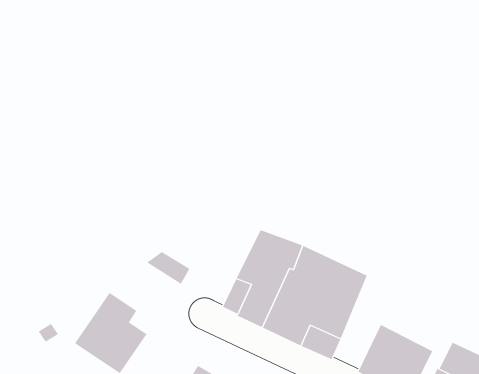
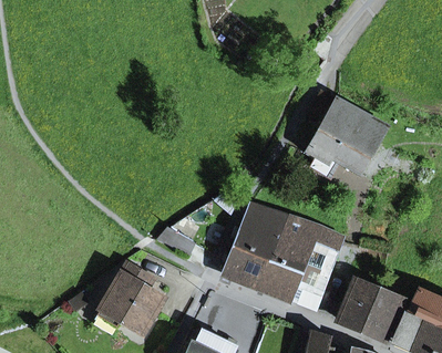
building: none -> [305,97,383,175]

